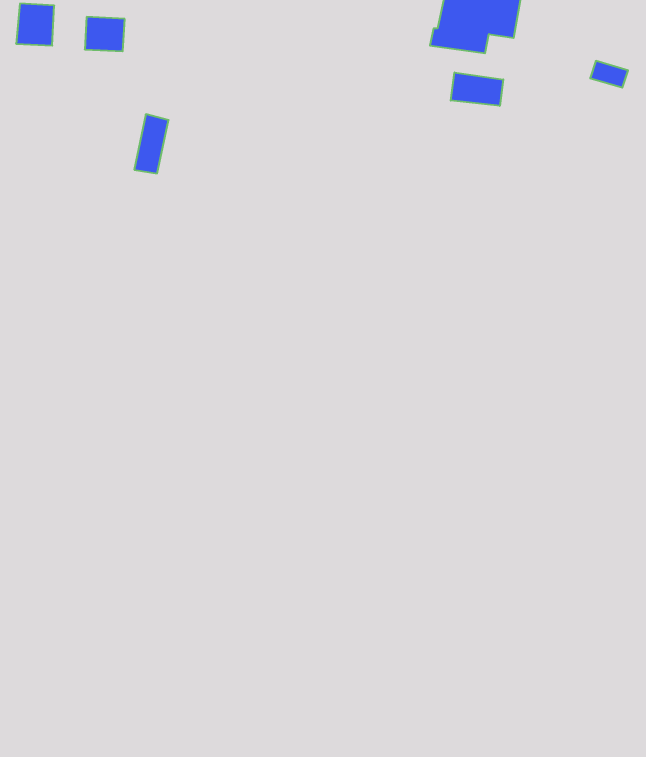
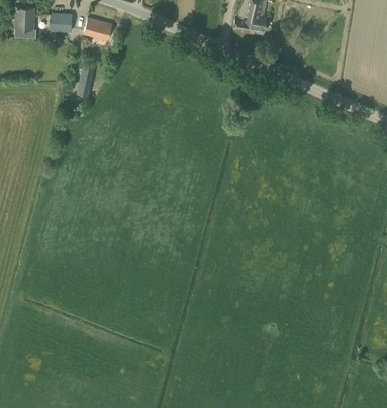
building: none -> [83,18,111,49]
building: [451,72,503,106] -> none

